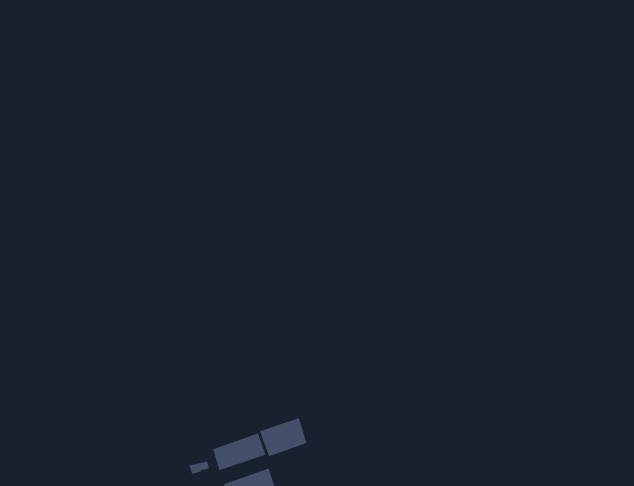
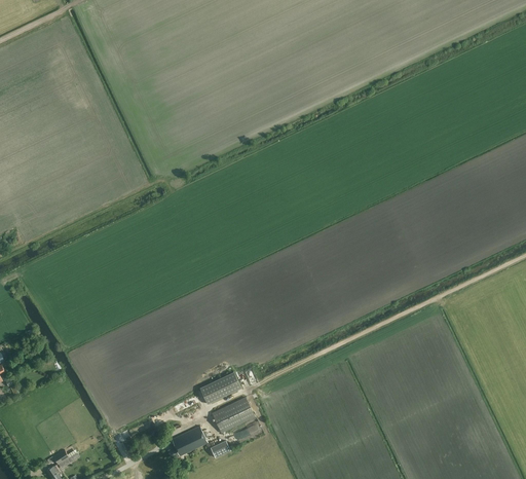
building: [259,417,308,457] -> none

